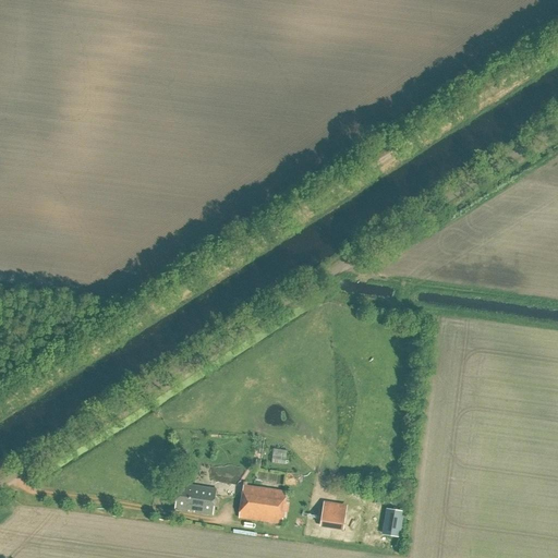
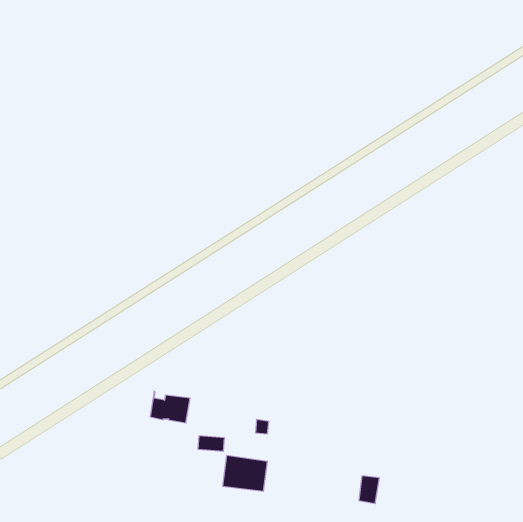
building: [175,480,218,513] -> [150,391,190,423]
building: [320,504,344,527] -> none

